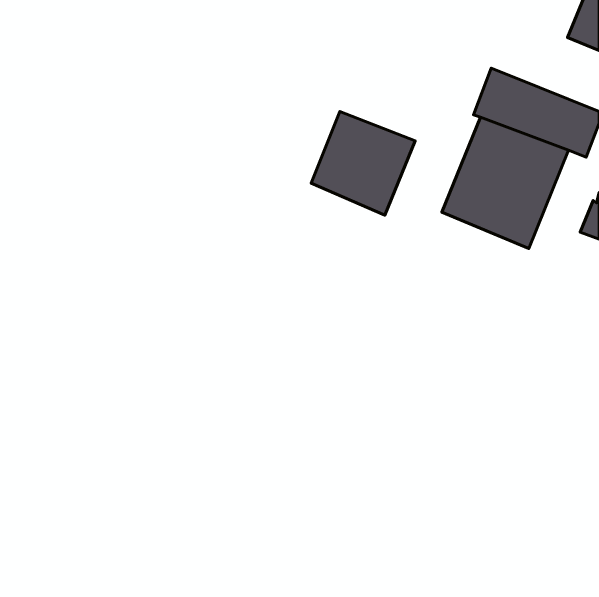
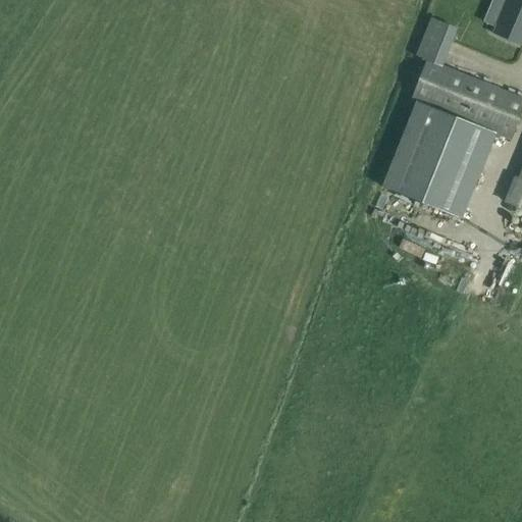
building: none -> [416,19,456,65]
building: [311,111,415,215] -> none

